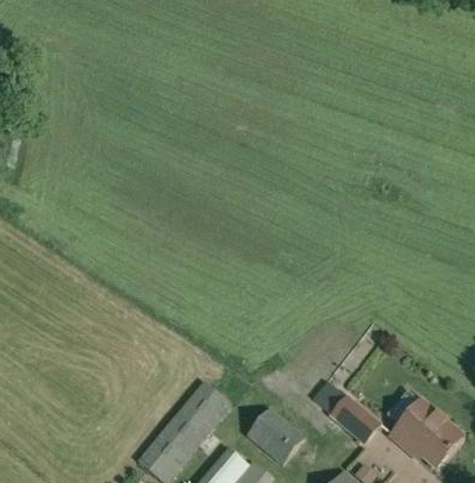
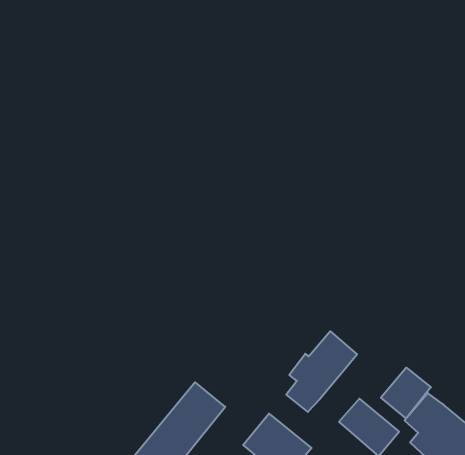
building: none -> [286,331,357,412]
building: none -> [381,368,431,419]

